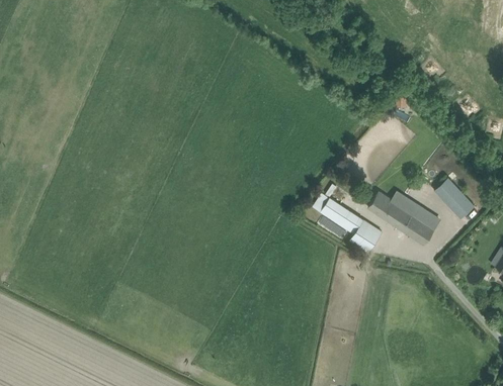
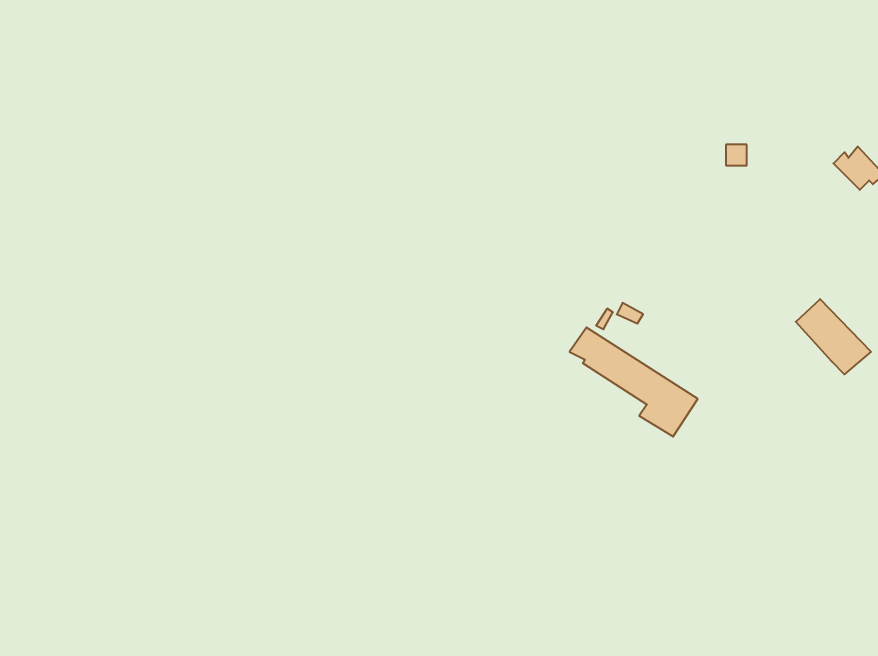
building: [368,191,439,244] -> none

